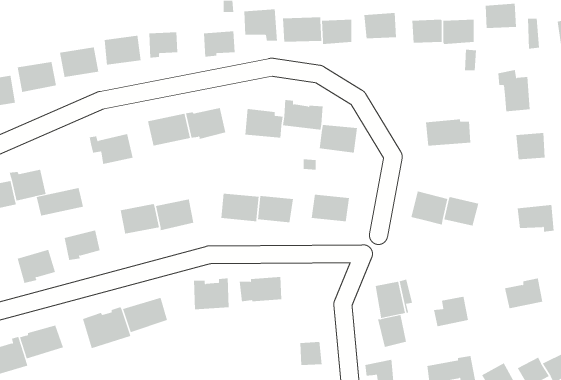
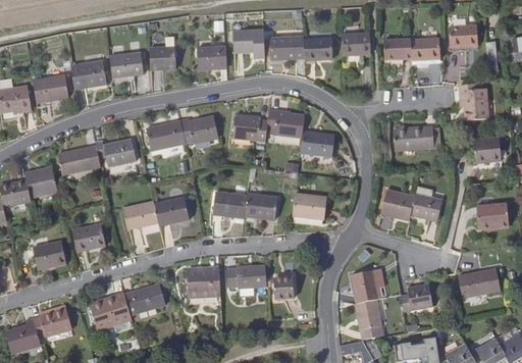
building: [36,188,84,216] -> [57,148,100,173]
building: [300,342,322,366] -> [274,276,295,298]

